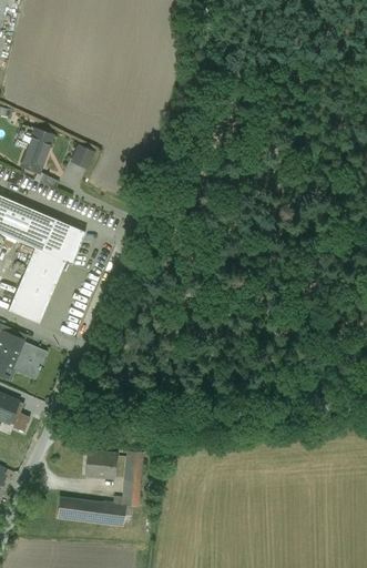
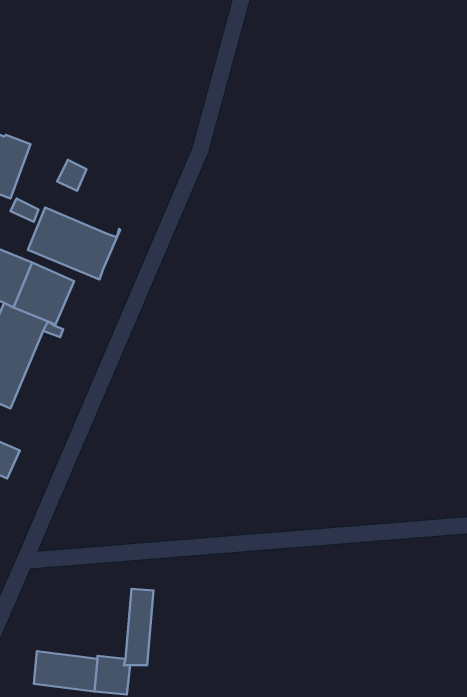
building: none -> [28,208,120,279]
building: [86,450,118,477] -> none

